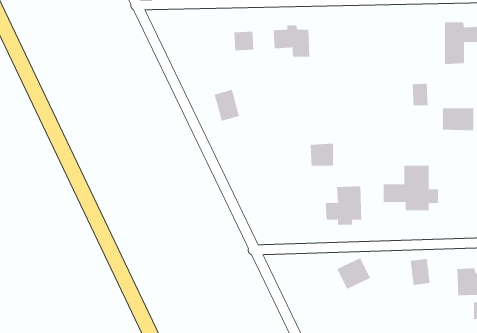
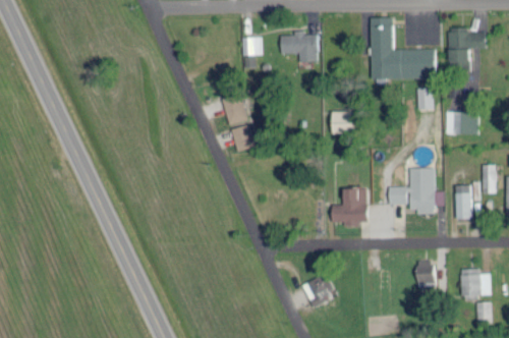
building: none -> [372,17,435,78]
building: none -> [232,124,257,152]
building: [310,143,334,166] -> [332,111,355,133]
building: none -> [456,184,472,219]
building: [337,257,371,290] -> [302,274,336,305]

